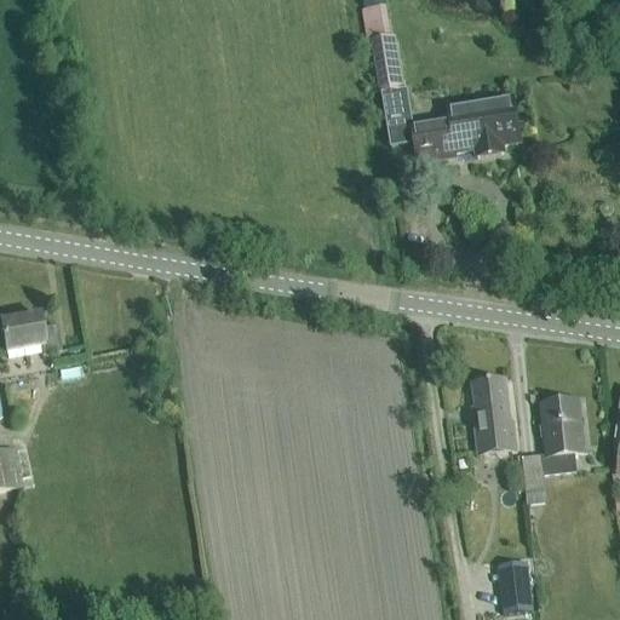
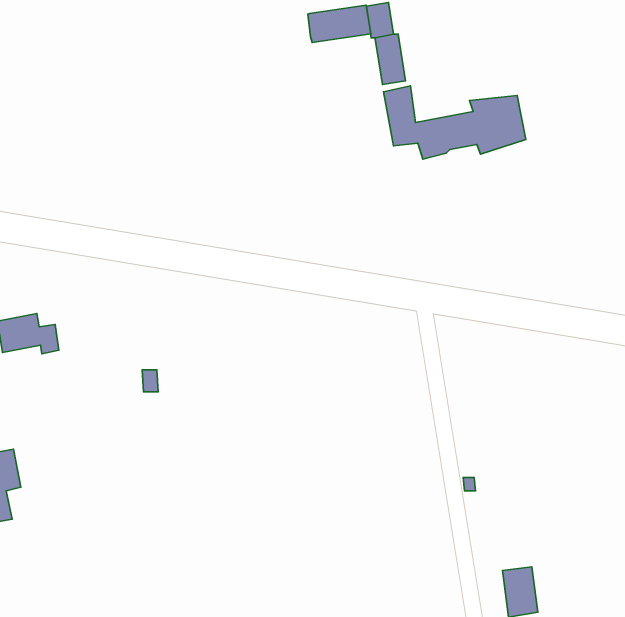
building: none -> [308,5,371,43]
building: [472,375,513,453] -> none
building: [521,398,581,500] -> none

